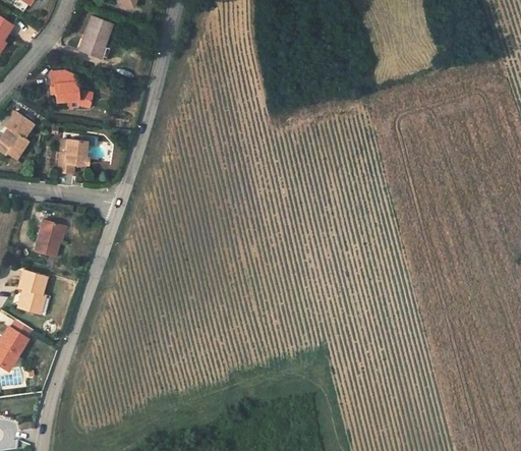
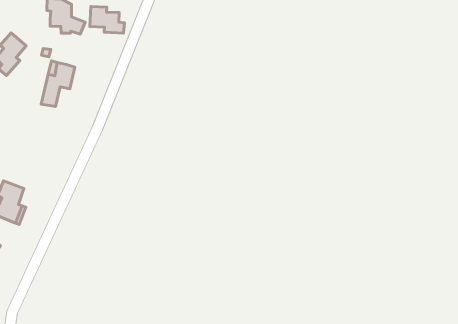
building: none -> [90,6,124,33]
building: [35,220,63,256] -> none

